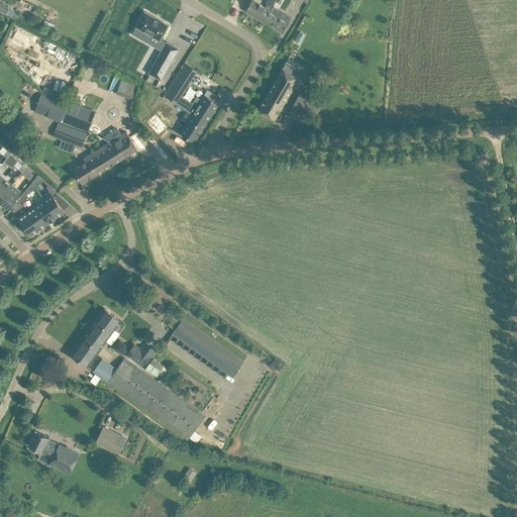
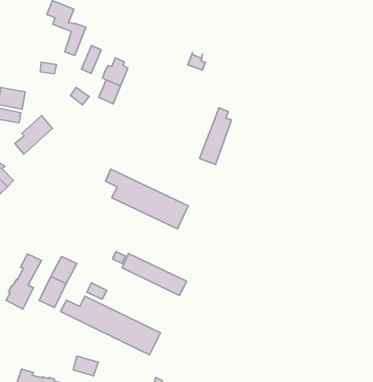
building: [256,56,301,120] -> [200,108,231,164]
building: [105,129,136,160] -> none
building: none -> [105,169,188,229]
building: none -> [6,254,41,309]

